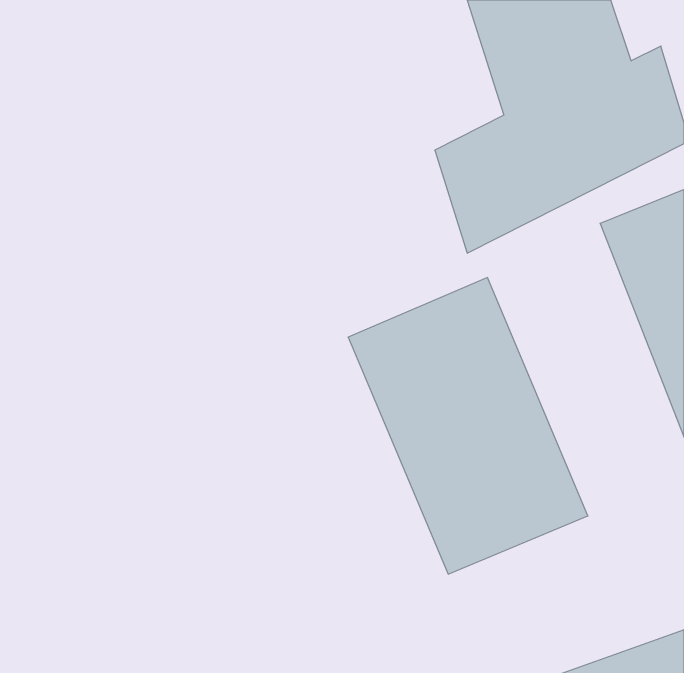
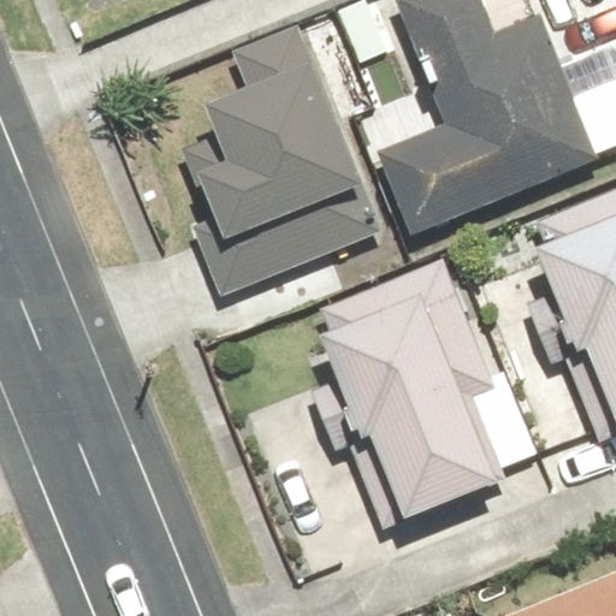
building: none -> [220,29,372,248]

